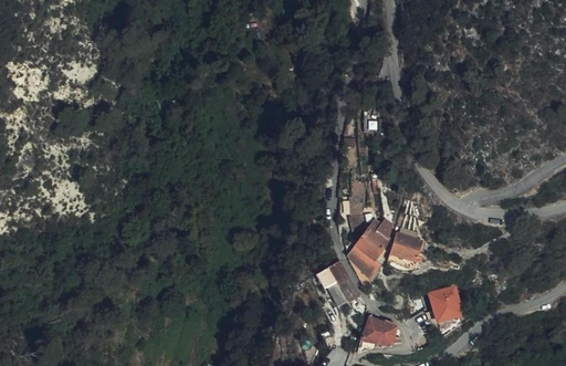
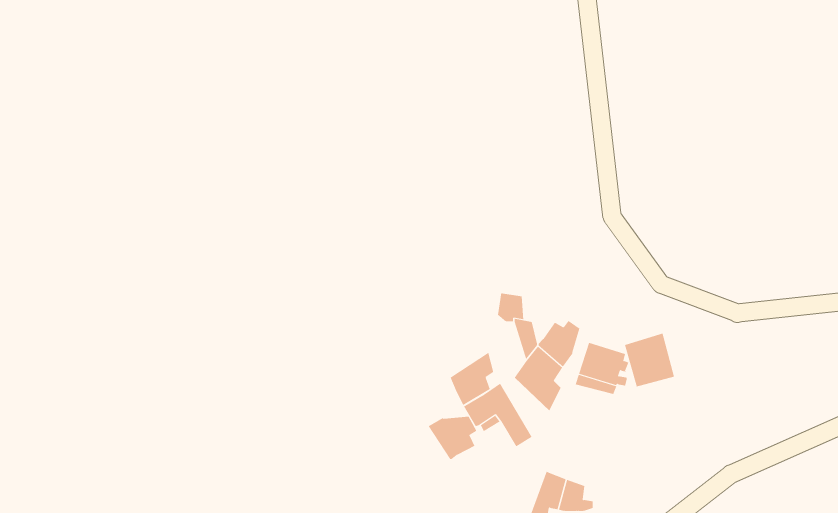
building: none -> [450,352,494,406]
building: none -> [428,416,477,460]
building: [429,285,462,321] -> [624,333,675,387]

